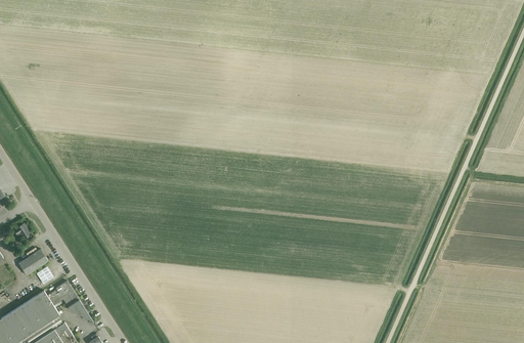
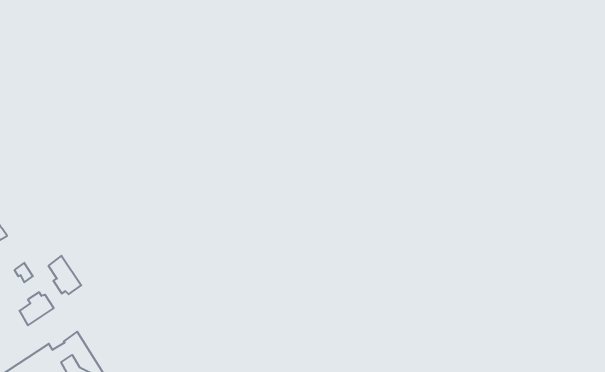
building: none -> [49,256,81,294]

